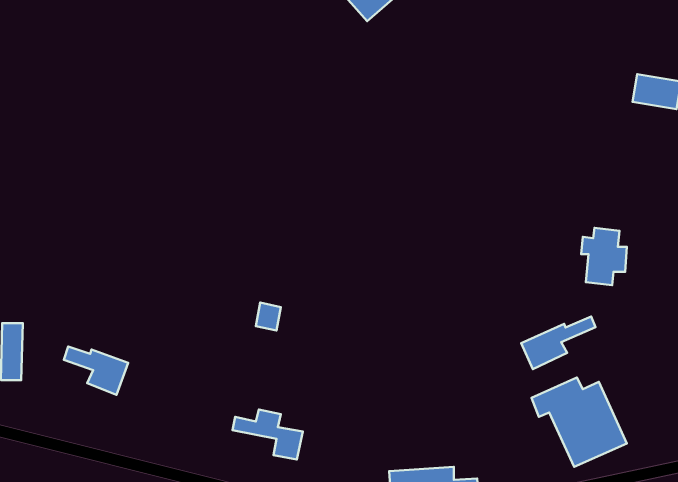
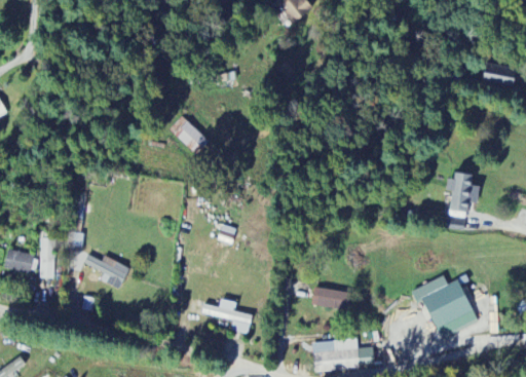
building: none -> [168,116,209,155]
building: [521,316,595,369] -> none
building: none -> [310,288,350,310]

